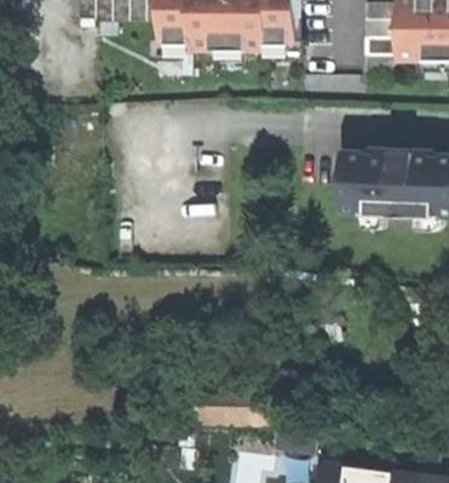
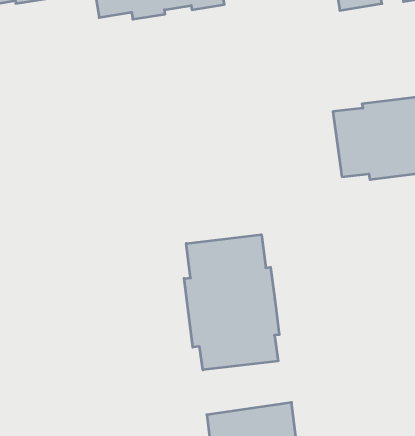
building: none -> [184,235,279,370]

